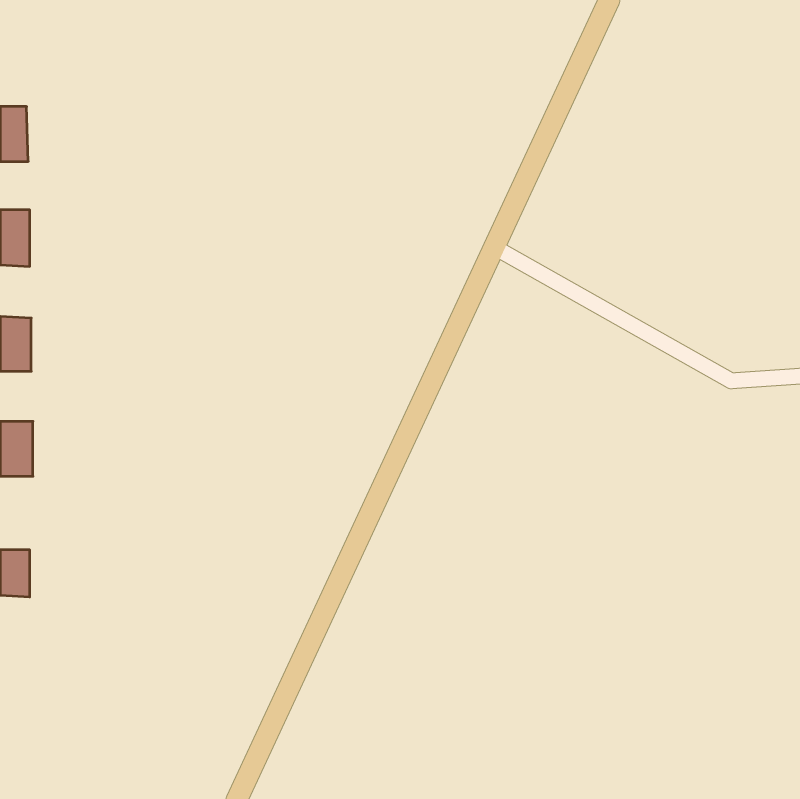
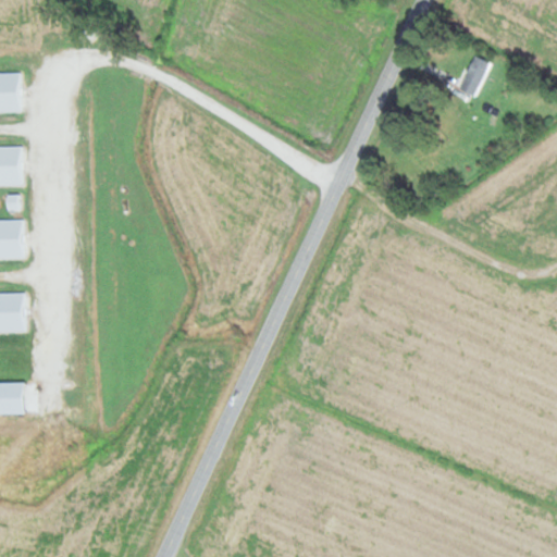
building: none -> [455,57,491,99]

